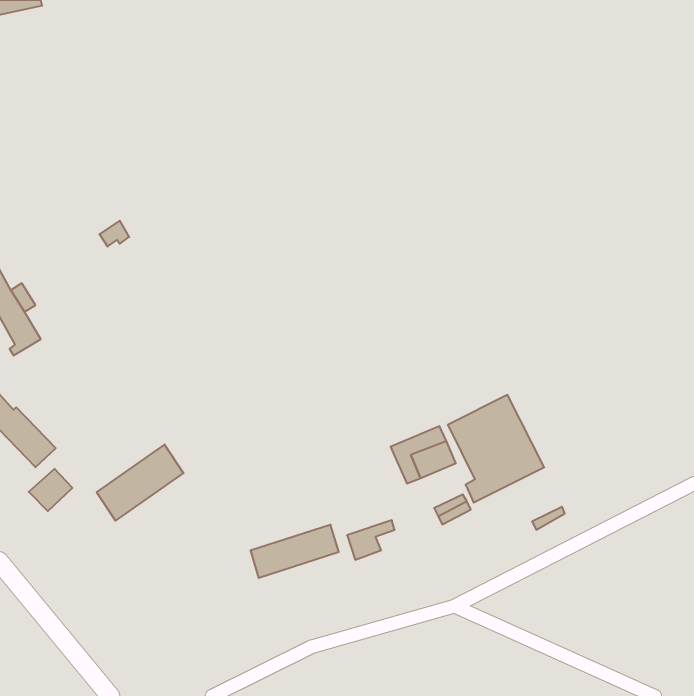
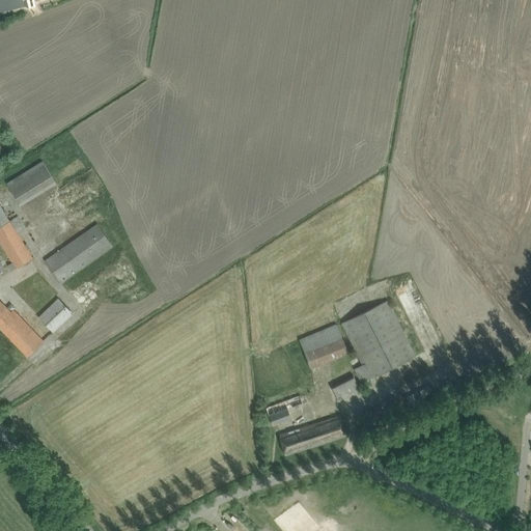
building: none -> [6,161,55,204]
building: [97,444,184,521] -> [45,224,111,282]
building: [29,469,72,511] -> [38,300,72,332]
building: [250,525,339,578] -> [278,415,345,455]

